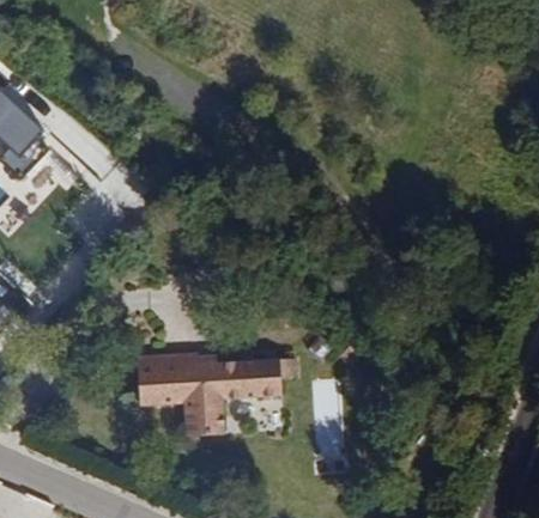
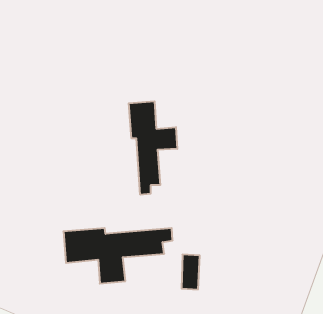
building: none -> [129,101,177,195]

